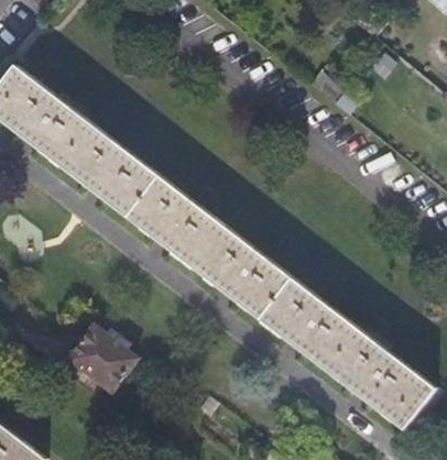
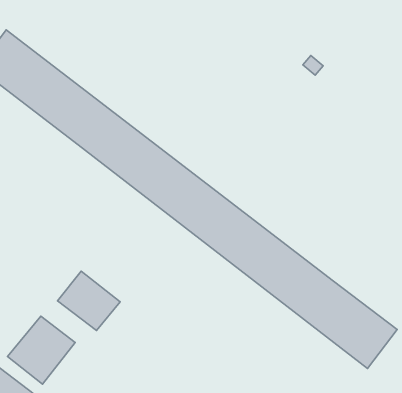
building: none -> [7,316,75,384]

